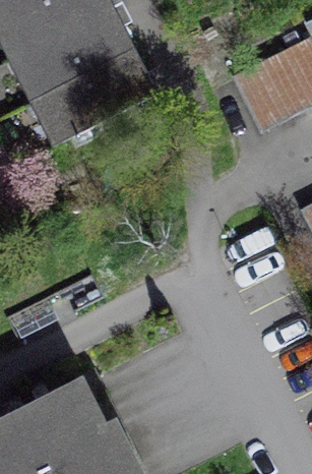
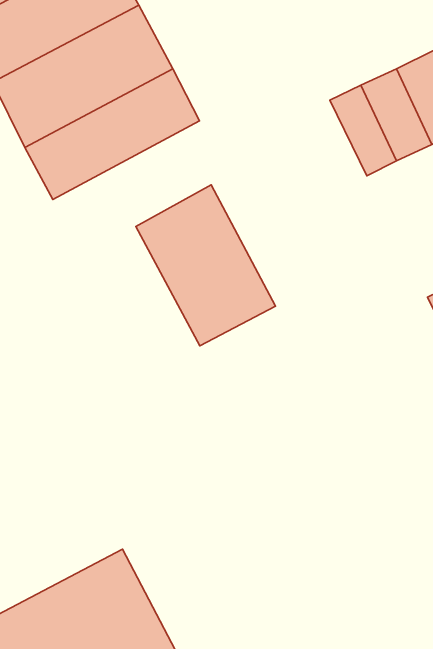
building: none -> [136,185,275,346]

